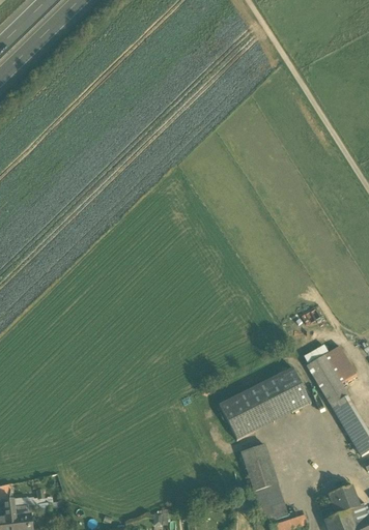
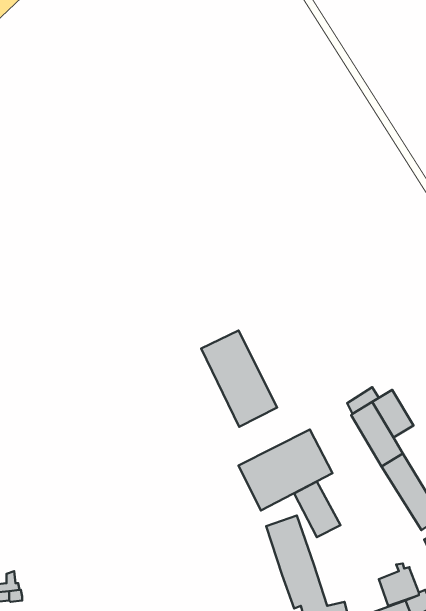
building: none -> [201,330,277,427]
building: [275,369,311,412] -> [294,481,341,537]

